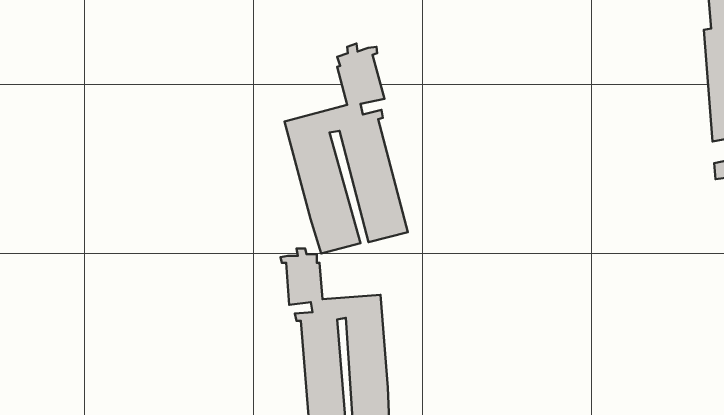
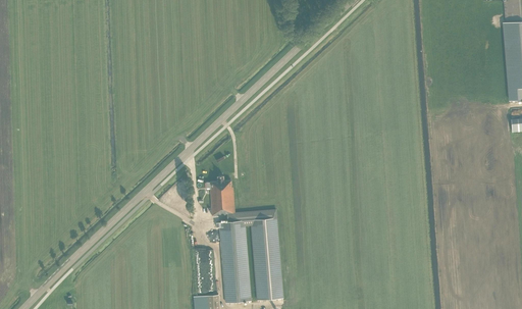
building: [285,44,408,253] -> none

